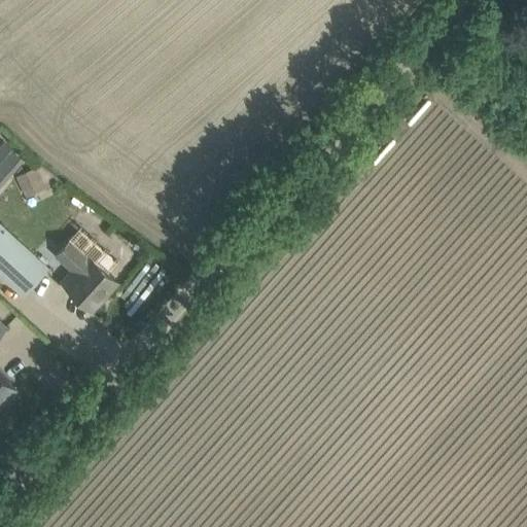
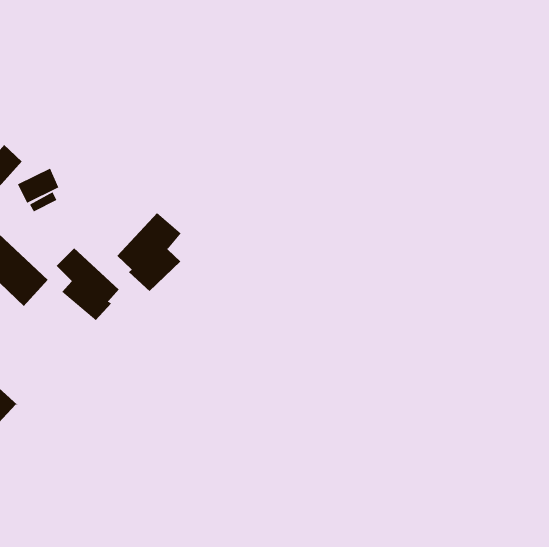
building: none -> [116,212,181,292]

